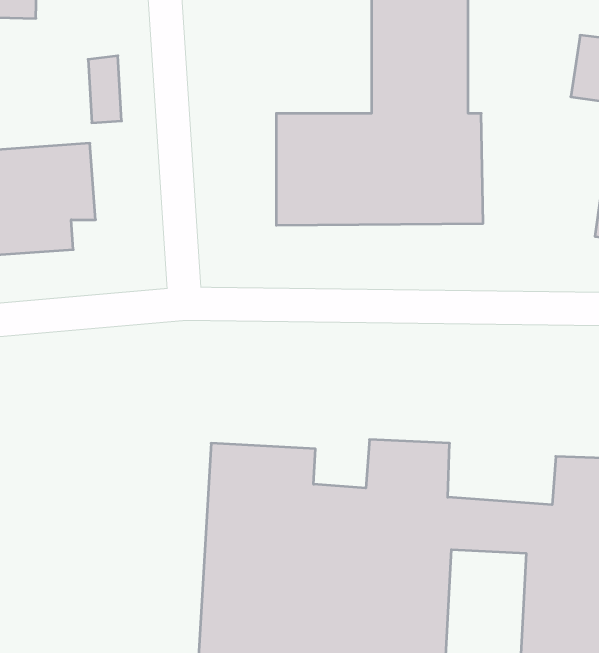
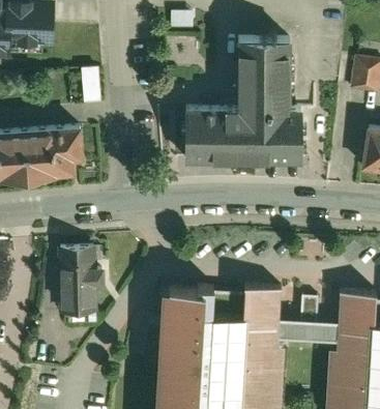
building: none -> [57,247,105,319]

